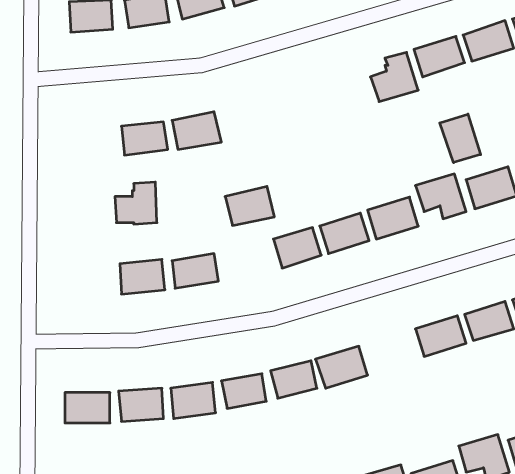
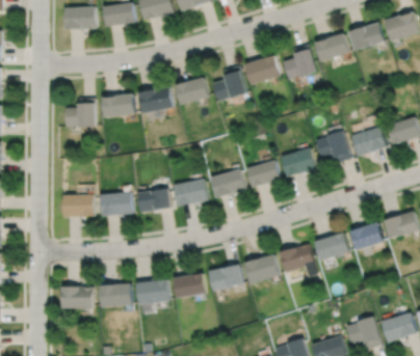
building: none -> [245,54,279,84]
building: none -> [213,65,247,101]
building: none -> [176,77,209,104]
building: [440,114,481,163] -> none
building: [115,182,157,224] -> [65,98,96,128]
building: [225,186,274,225] -> [174,179,209,207]
building: none -> [63,195,95,218]
building: none -> [277,243,318,277]

